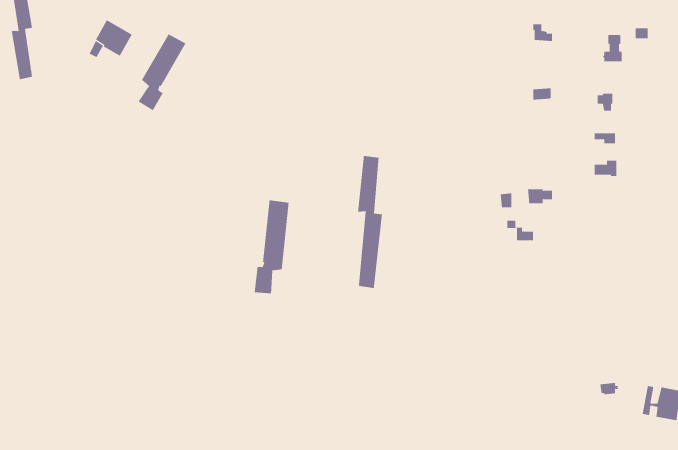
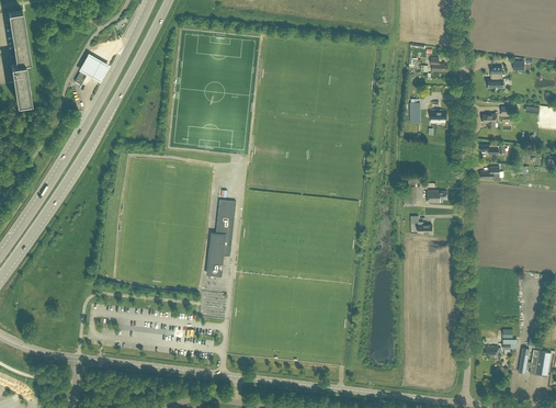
building: [138,33,186,111] -> none
building: [357,155,382,289] -> none

